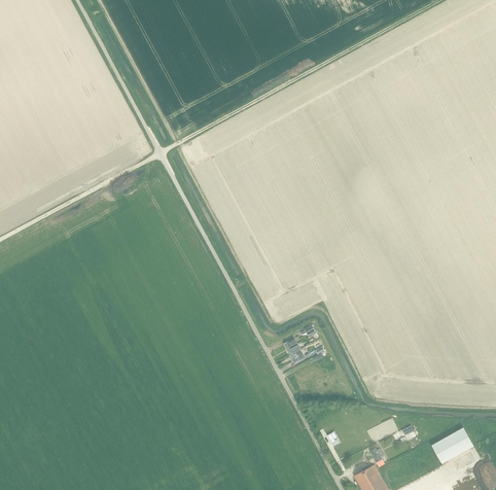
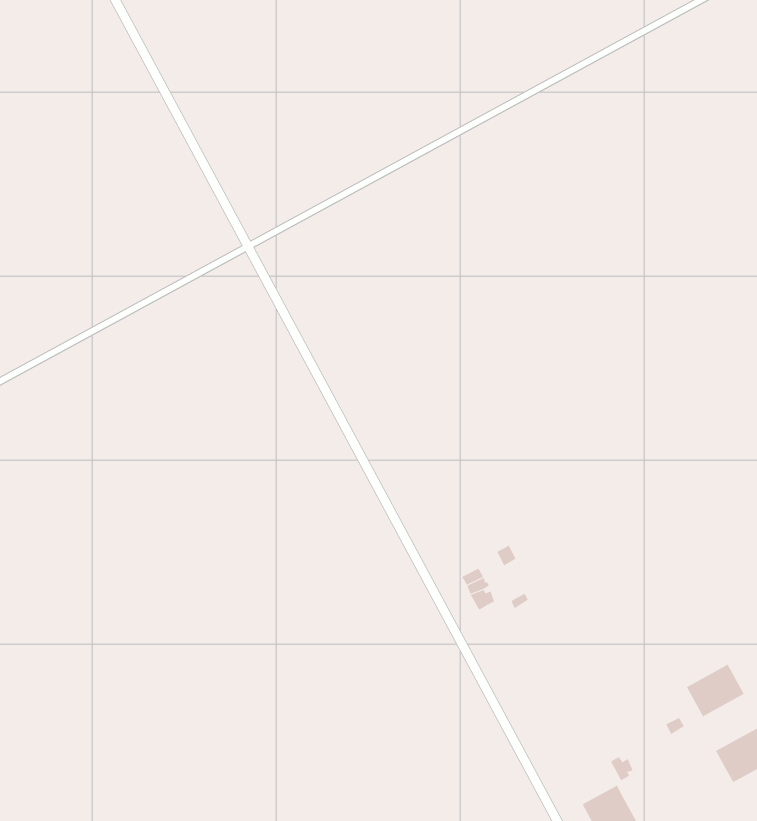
building: none -> [686,664,744,717]

